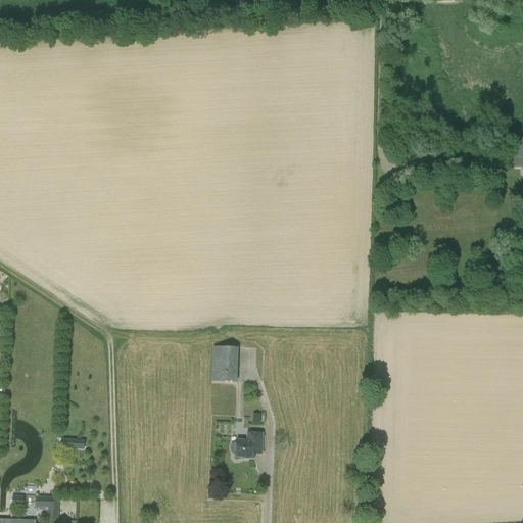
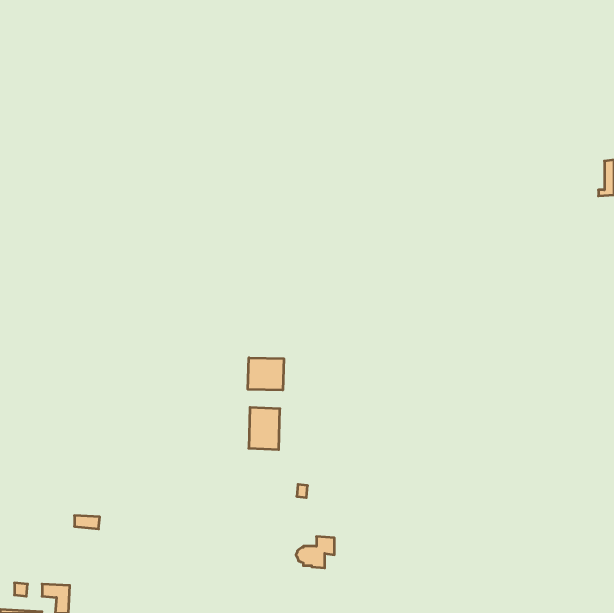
building: none -> [248,358,284,390]
building: [230,432,263,459] -> [296,537,334,568]

